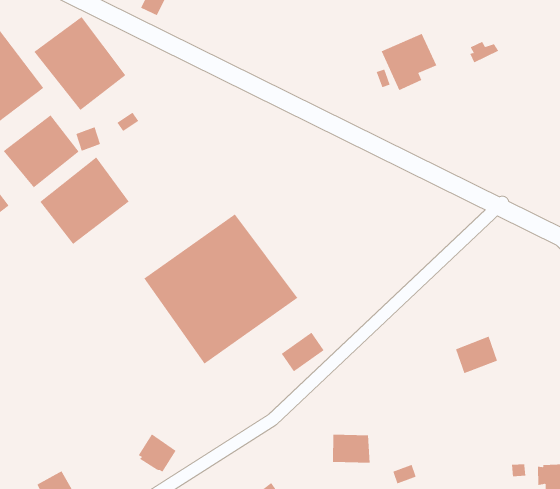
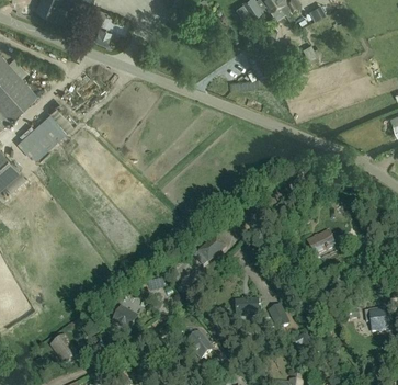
building: [34,16,126,111] -> none
building: [40,156,130,245] -> none
building: [144,213,298,365] -> none

